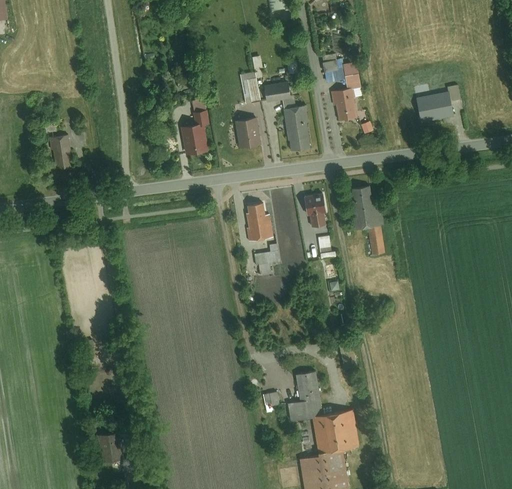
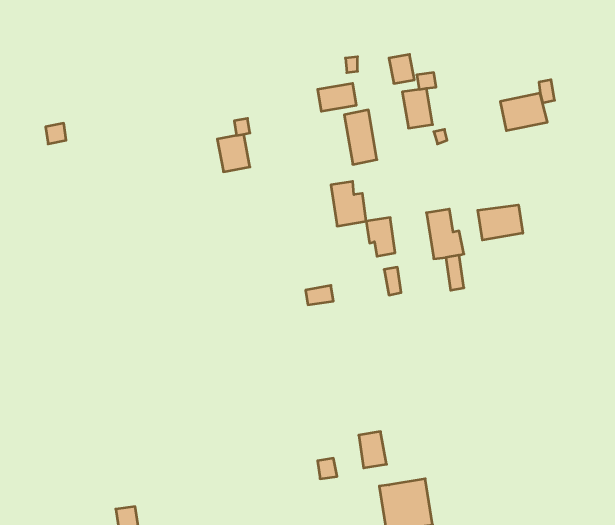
building: [239,71,259,101] -> none
building: [233,120,259,150] -> none
building: [48,135,71,168] -> none
building: none -> [478,205,523,240]
building: [244,205,273,242] -> [331,181,366,226]
building: [289,398,322,420] -> none

